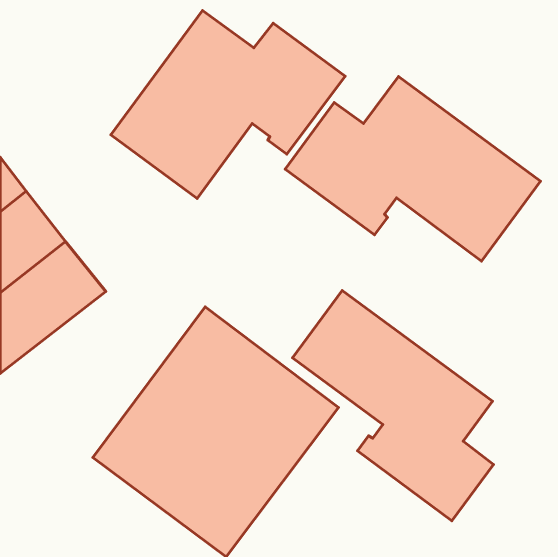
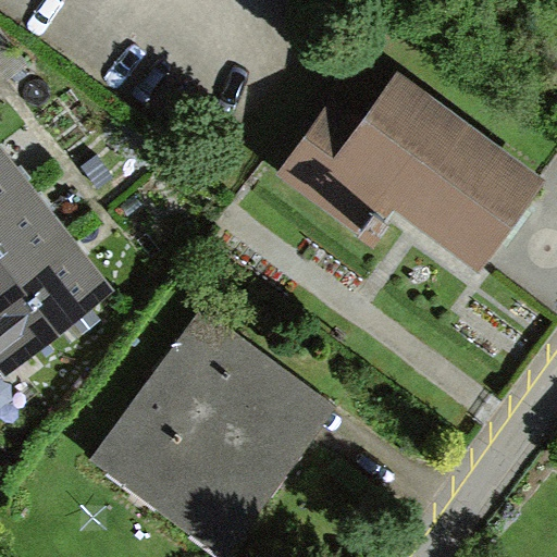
building: [111,11,345,198] -> none
building: [292,290,493,521] -> none

